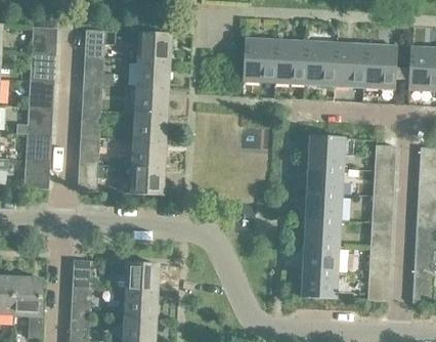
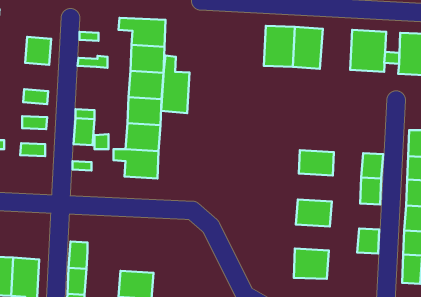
building: [31,24,56,53] -> none
building: [245,38,274,81] -> none
building: [330,43,362,85] -> none
building: none -> [161,55,189,113]
building: [28,78,53,106] -> none
building: [81,81,101,109] -> none
building: [309,135,354,169] -> none
building: [374,143,395,171] -> none
building: [307,190,343,219] -> none
building: [369,221,391,248] -> none
building: [304,243,340,269] -> none
building: [112,262,161,292] -> none
building: [366,271,389,300] -> none

